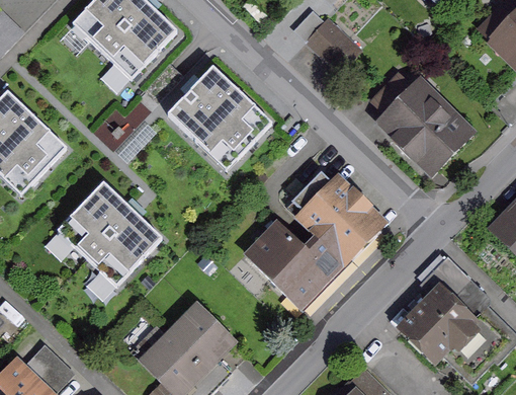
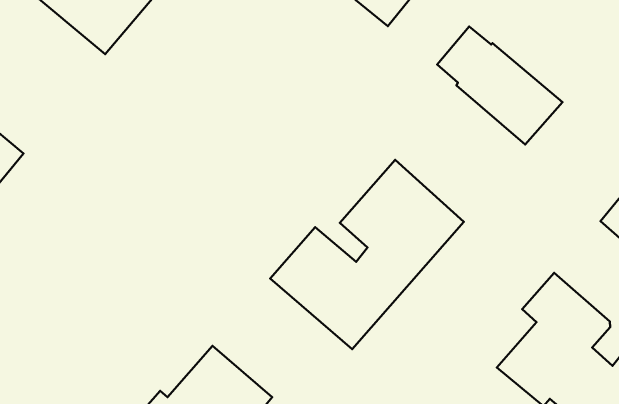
building: [167,69,270,170] -> none
building: [58,183,161,287] -> none

